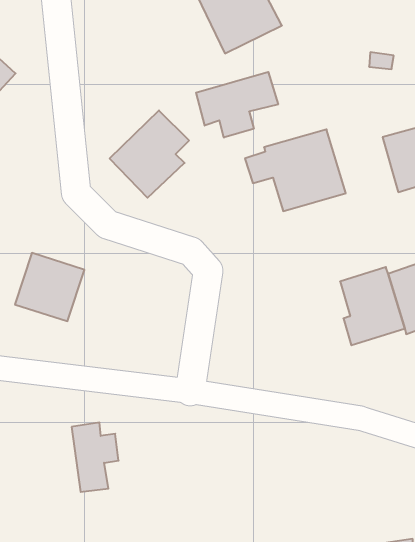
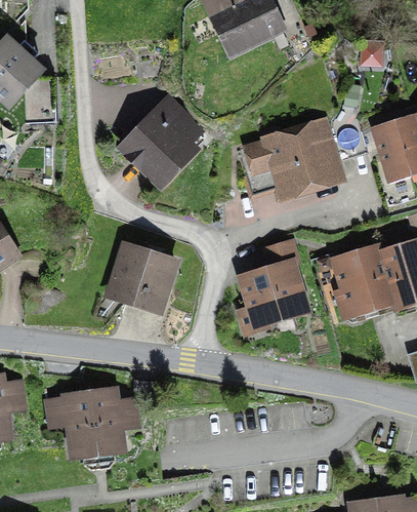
building: [196,72,278,138] -> none
building: [15,253,84,321] -> [109,248,172,311]
building: none -> [242,243,307,329]
building: none -> [50,393,98,456]

